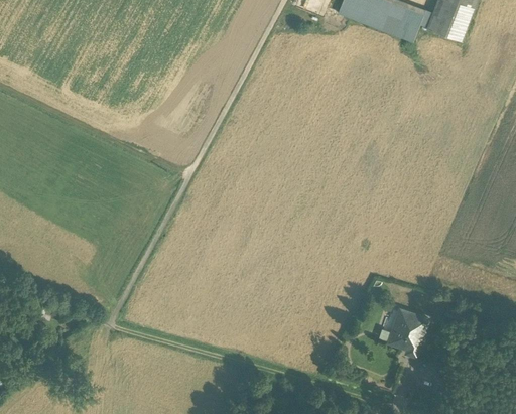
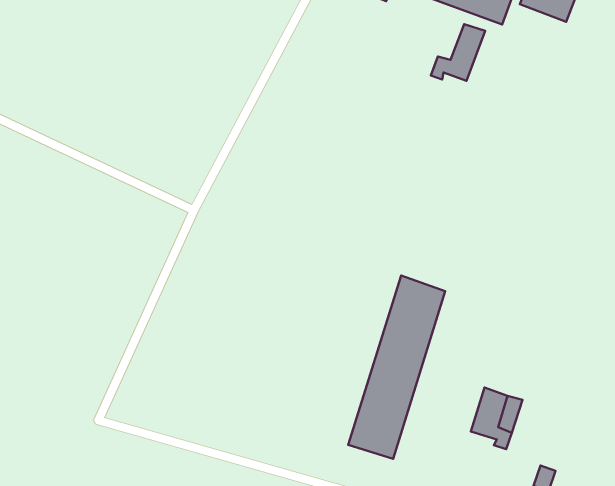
building: none -> [431,24,485,81]
building: none -> [348,276,445,459]

